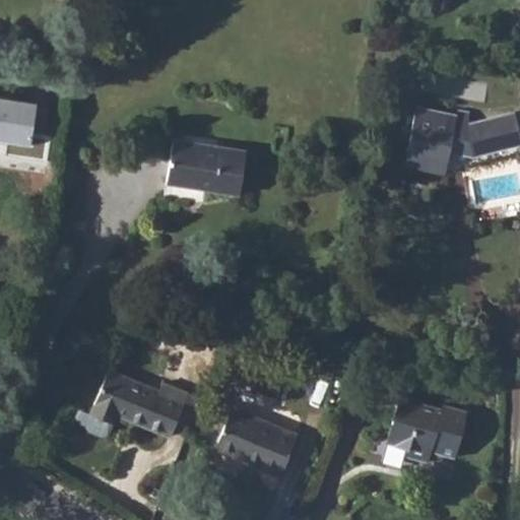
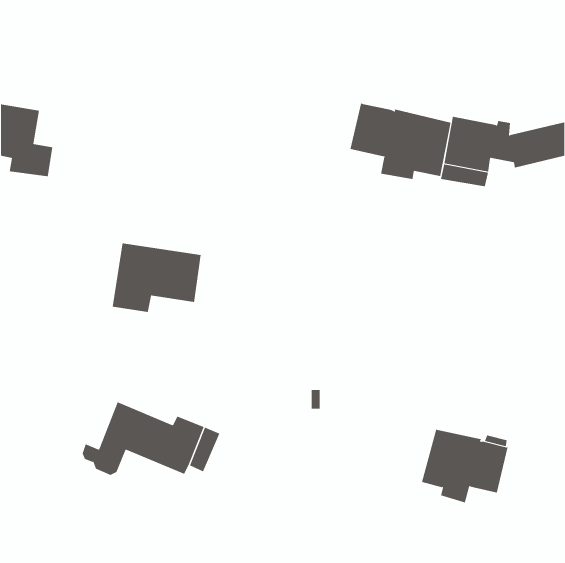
building: none -> [350,102,451,180]
building: [164,140,246,204] -> [112,243,202,312]
building: [214,408,298,478] -> none

